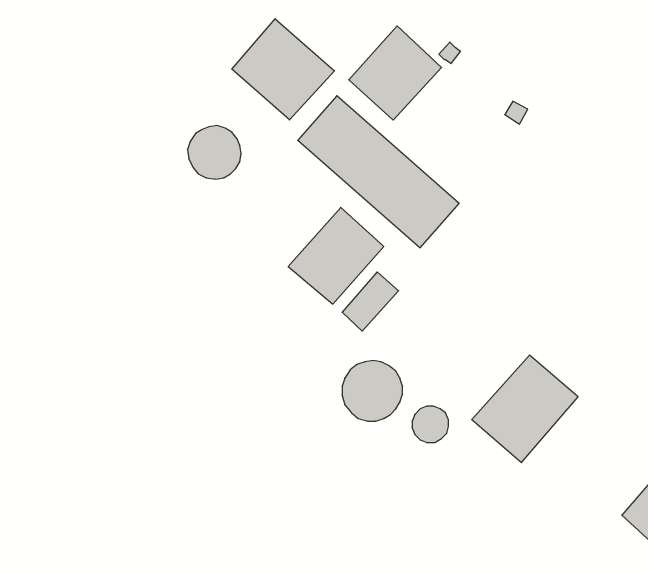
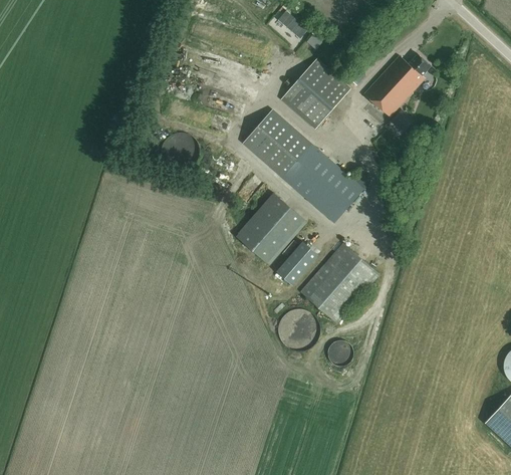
building: [232,19,334,120] -> none
building: none -> [362,54,430,116]
building: [472,355,578,463] -> [299,243,378,323]

